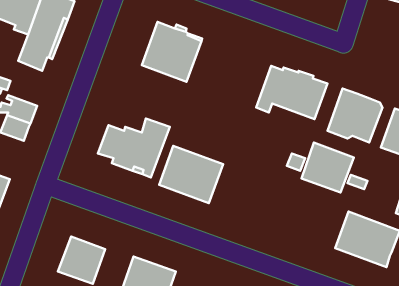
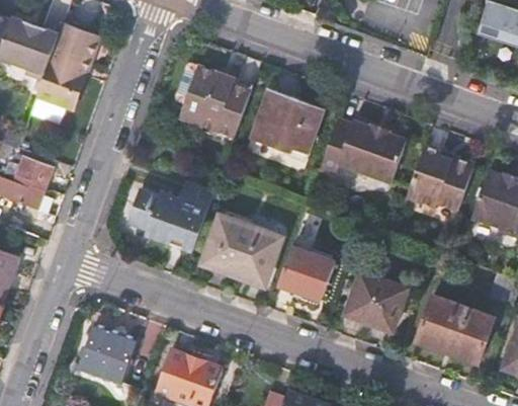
building: none -> [251,87,325,153]
building: [301,143,354,193] -> [344,270,408,331]
building: none -> [277,246,334,300]

